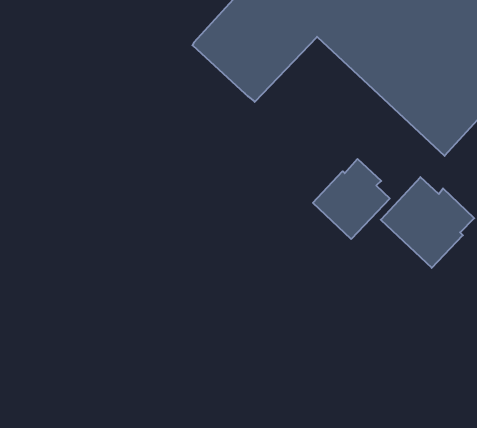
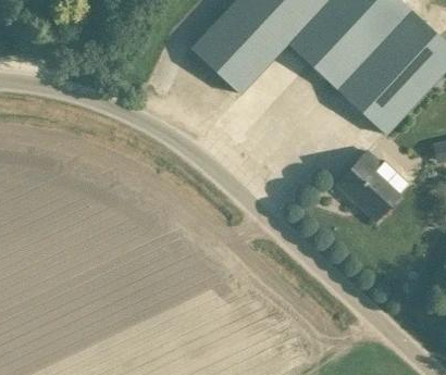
building: [313,159,390,239] -> none

